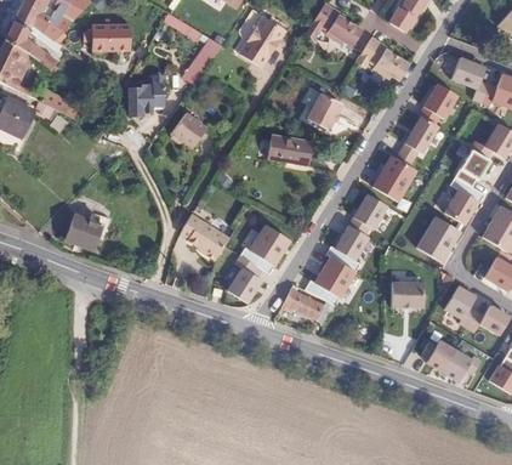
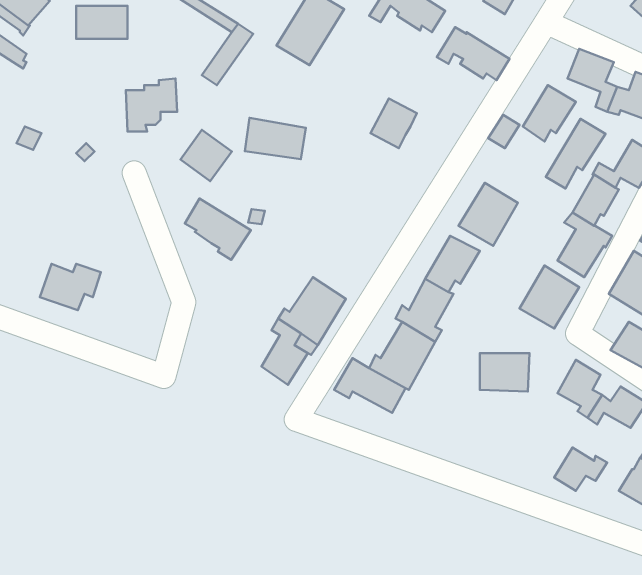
building: [394,115,438,166] -> [546,119,605,188]
building: [267,135,312,165] -> [245,118,306,159]
building: [180,215,228,260] -> [185,199,251,260]
building: [420,340,455,372] -> none

